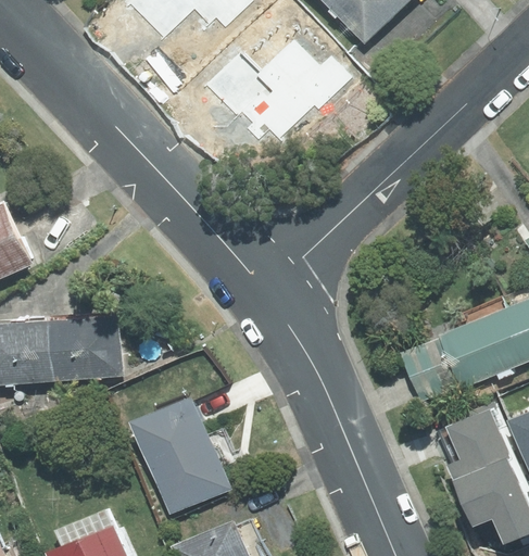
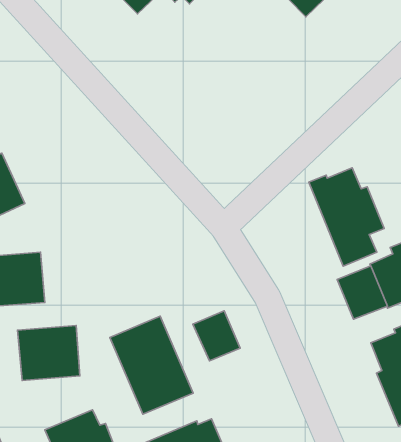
building: [206,39,352,139] -> none
building: none -> [309,168,384,266]
building: [49,316,123,381] -> [18,325,80,380]
building: none -> [193,311,240,361]

